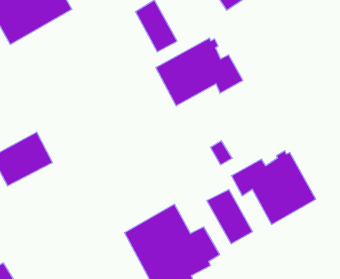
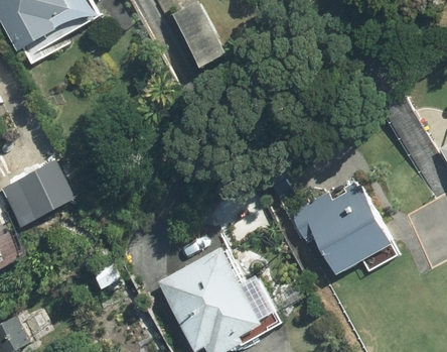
building: [156,38,243,106] -> none
building: [207,189,253,244] -> none

